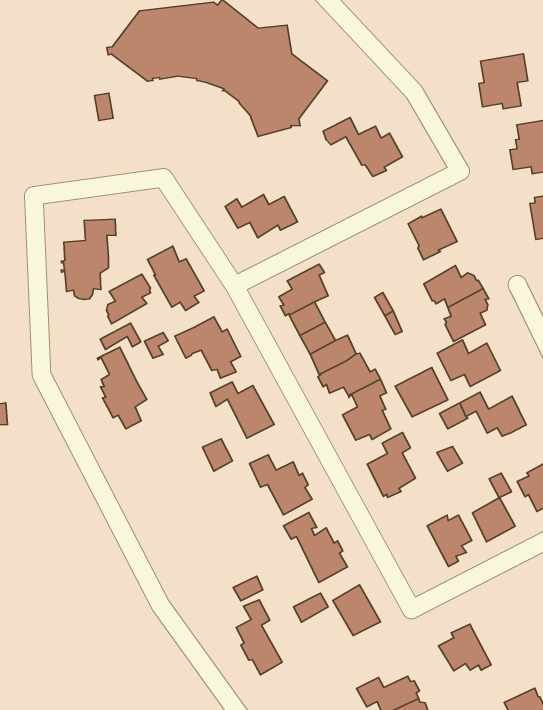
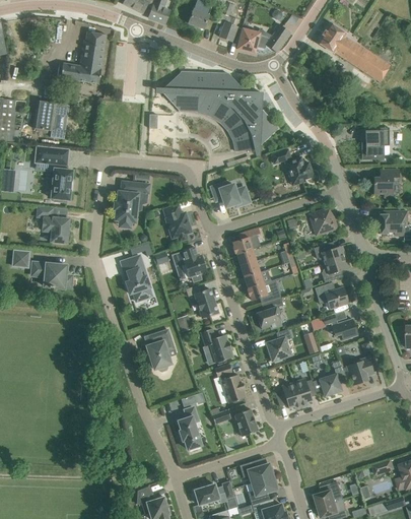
building: [106,274,151,324] -> none
building: [395,368,448,417] -> none
building: none -> [147,329,175,371]
building: [439,624,491,671] -> [274,382,301,408]

